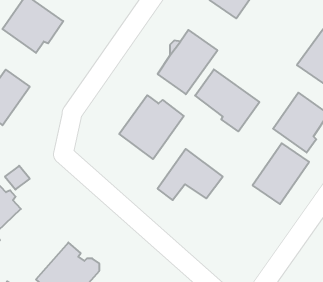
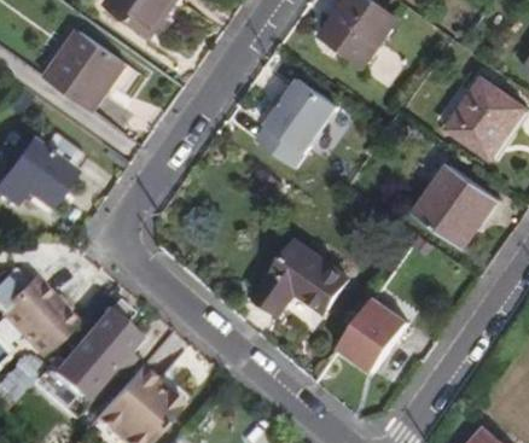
building: [195,69,259,131] -> none
building: [119,95,184,159] -> none
building: [253,143,309,204] -> [332,295,409,378]
building: none -> [60,303,132,387]

